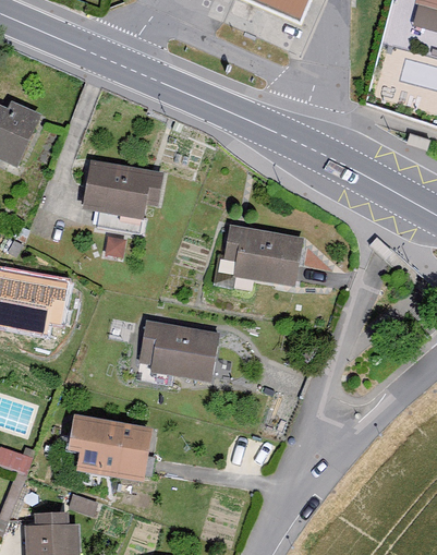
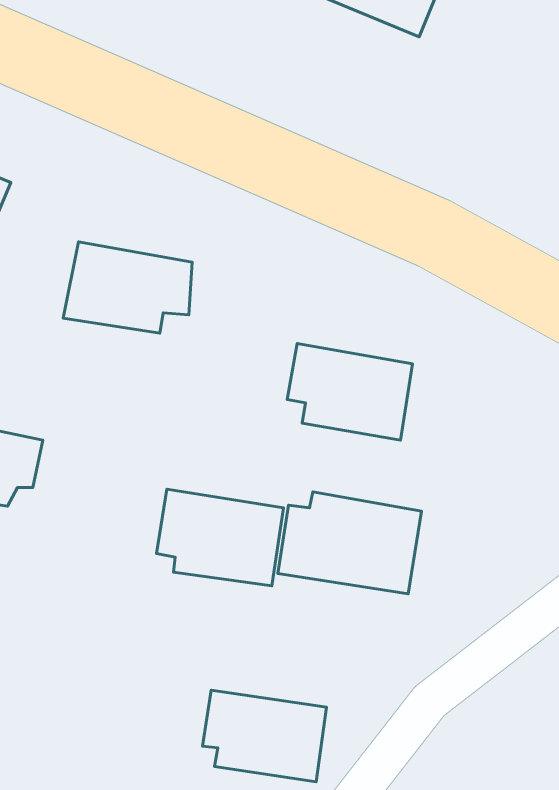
building: none -> [278,492,422,594]
building: [71,413,150,472] -> [203,690,326,782]

